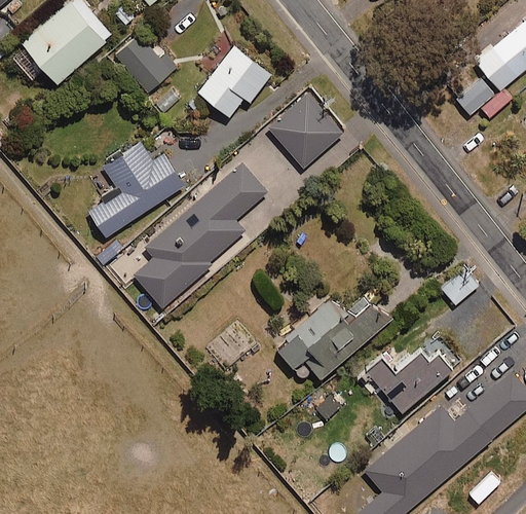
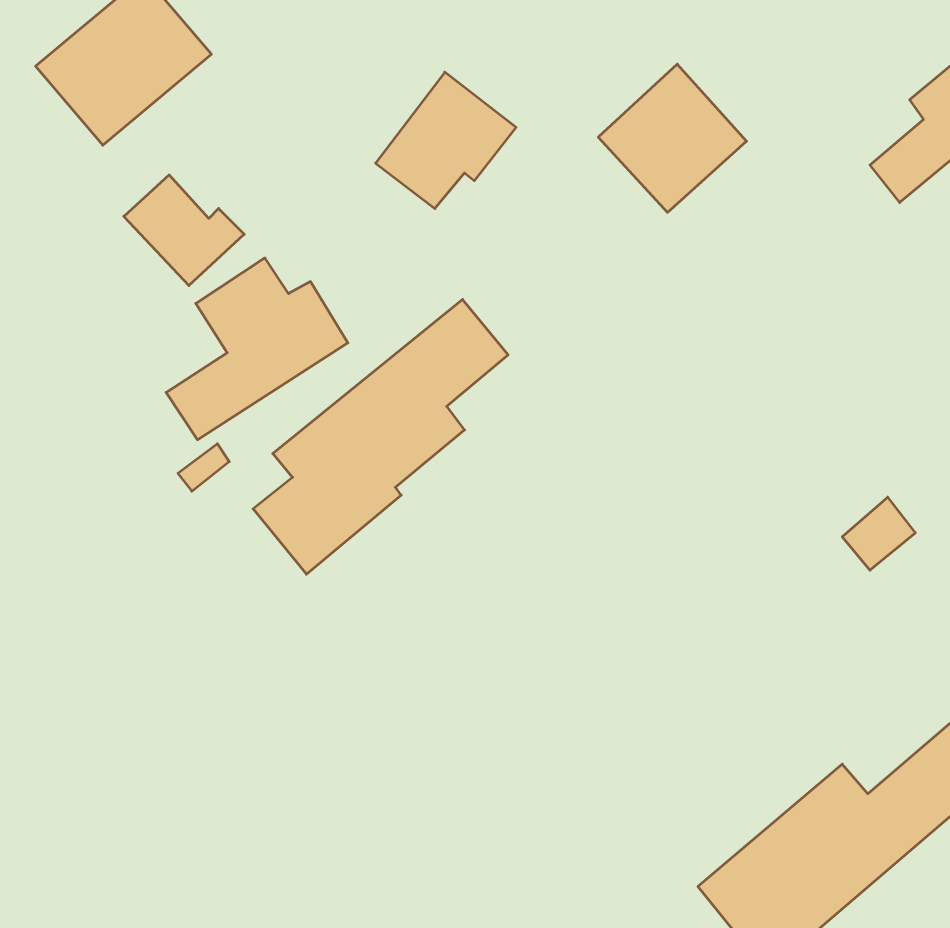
building: [115,35,178,93] -> [124,175,244,286]
building: [268,91,345,169] -> [598,64,747,212]
building: [275,293,391,380] -> none
building: [368,353,453,413] -> none

